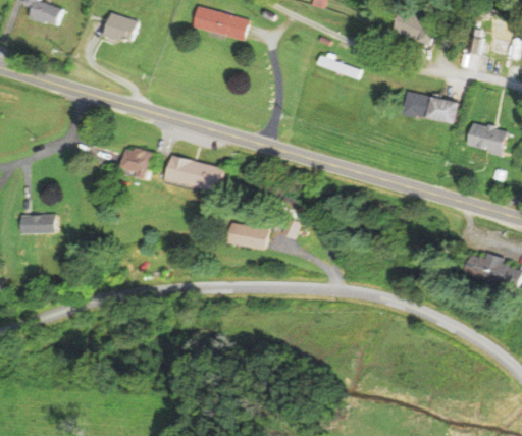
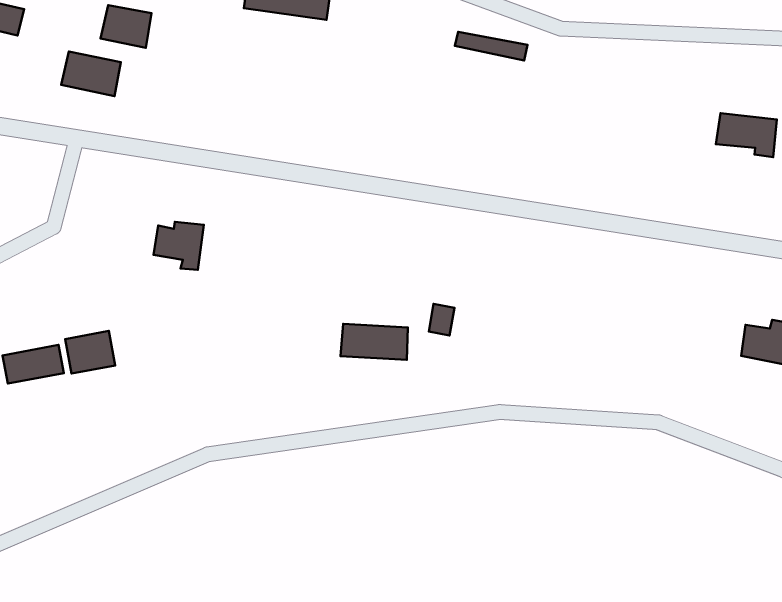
building: none -> [61,52,121,96]
building: [402,92,458,122] -> none
building: [165,155,224,192] -> none
building: none -> [65,331,115,374]

